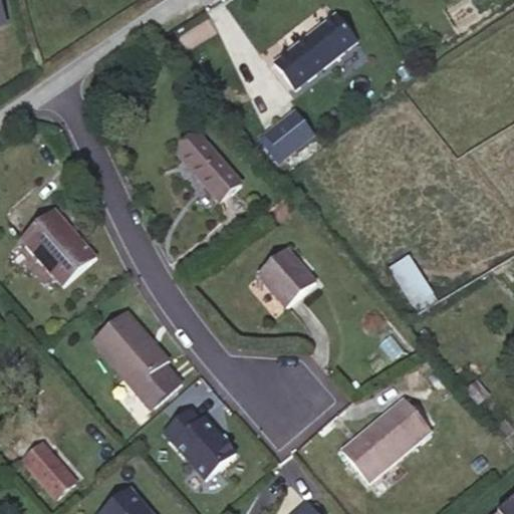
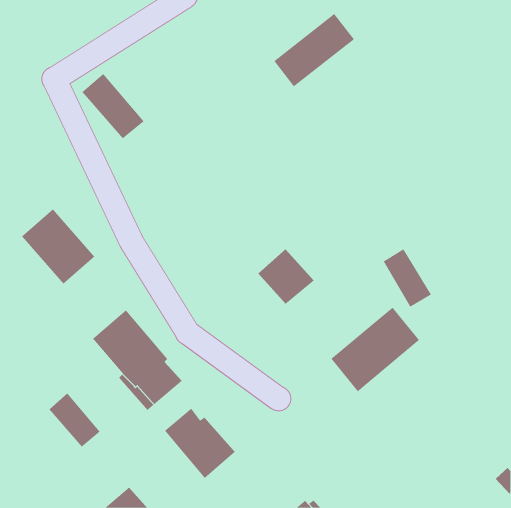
building: [265,109,313,157] -> none
building: [179,136,242,202] -> [82,73,145,139]
building: [341,397,431,482] -> [331,307,420,392]
building: [22,443,74,498] -> [48,392,100,447]

